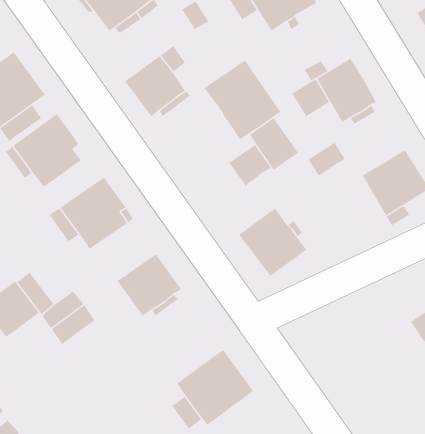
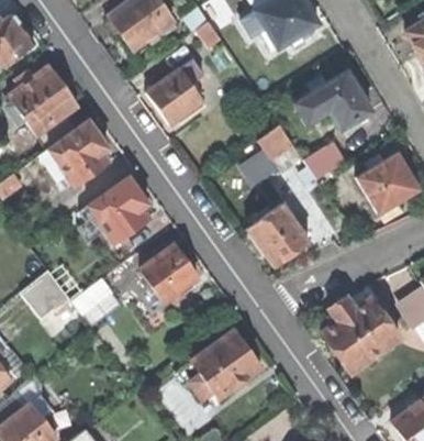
building: [203,59,281,140] -> none
building: none -> [322,296,399,372]

